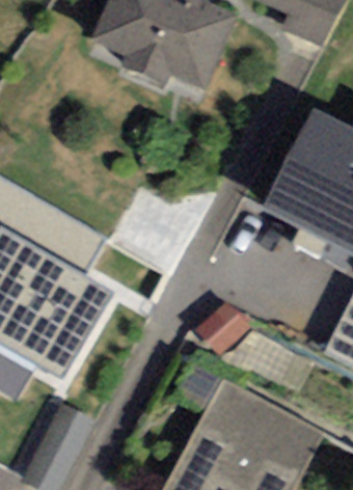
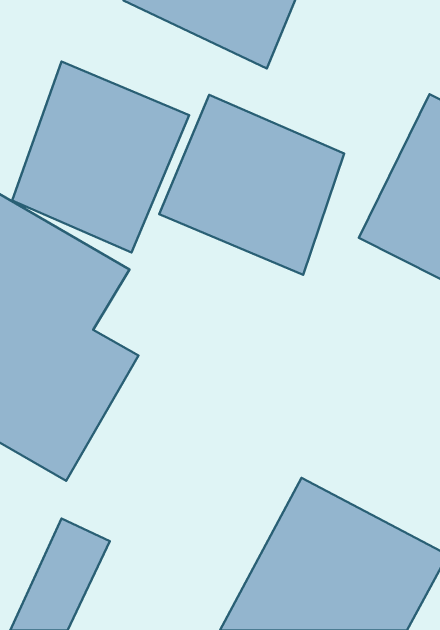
building: none -> [12,62,189,253]
building: none -> [159,95,344,275]

